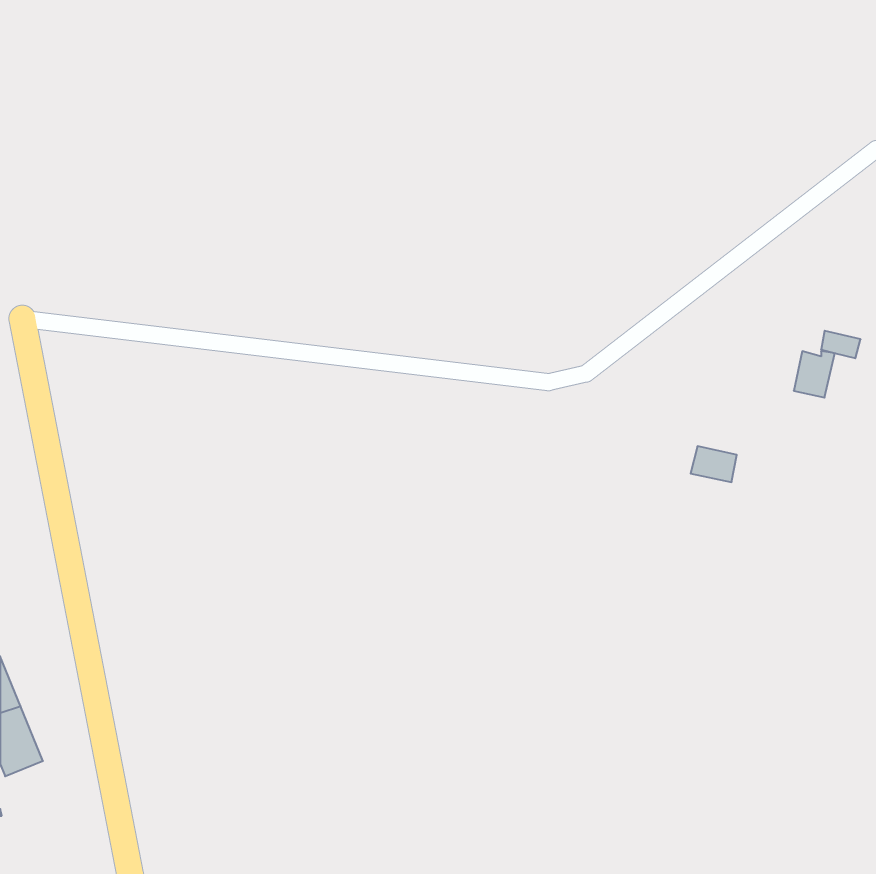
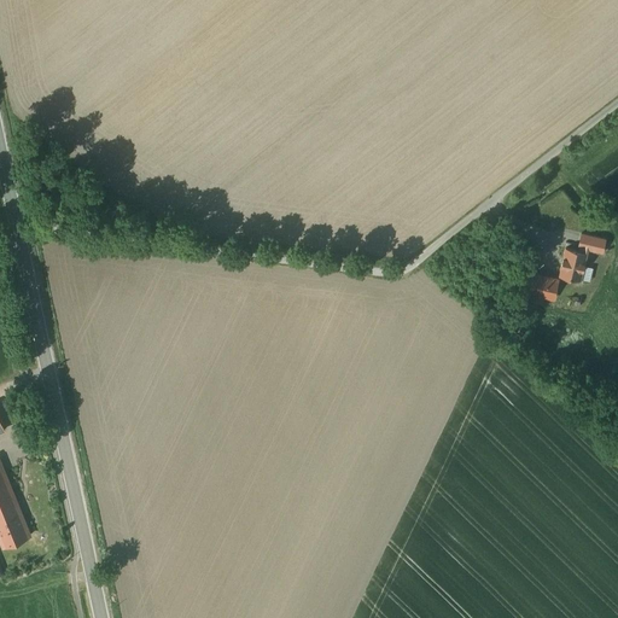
building: [691,446,737,482] -> [525,274,558,299]

